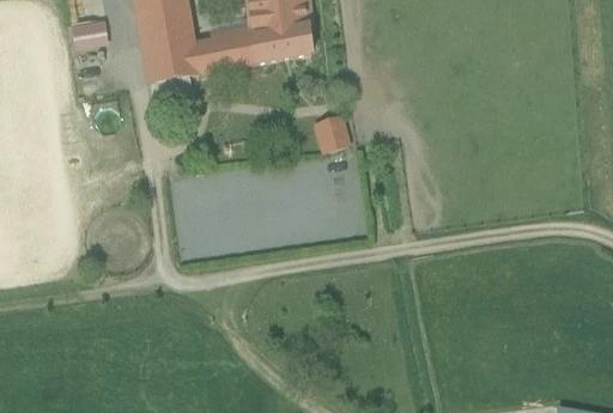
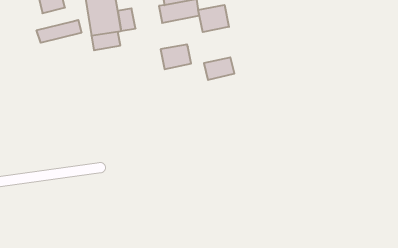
building: [211,34,256,71] -> [161,44,191,69]
building: none -> [198,5,229,32]
building: none -> [37,20,81,43]

